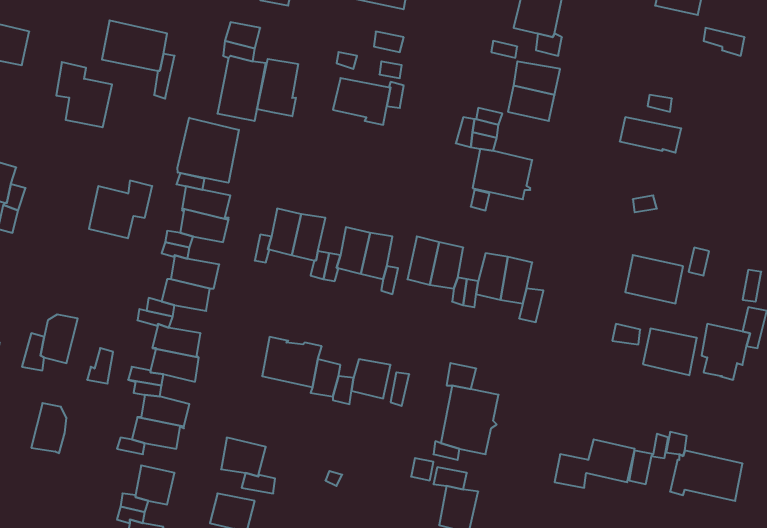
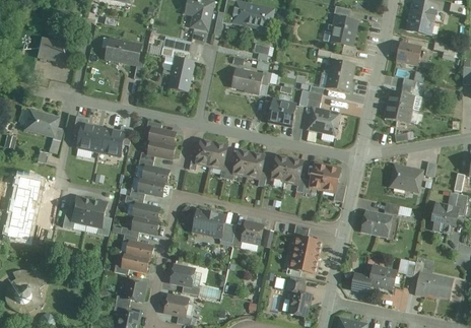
building: none -> [396,42,420,65]
building: [257,59,298,116] -> none
building: [56,62,112,127] -> [72,115,103,150]
building: [177,118,239,183] -> none
building: none -> [267,100,295,125]
building: none -> [384,103,417,122]
building: [643,329,697,375] -> [360,210,390,236]
building: [31,403,67,453] -> [85,199,105,226]

